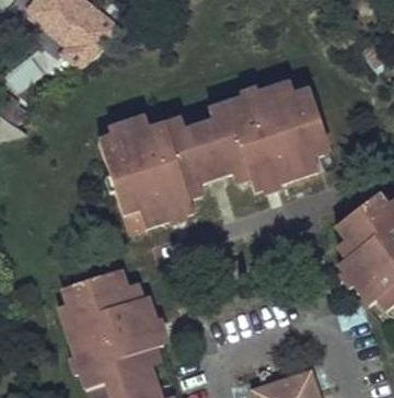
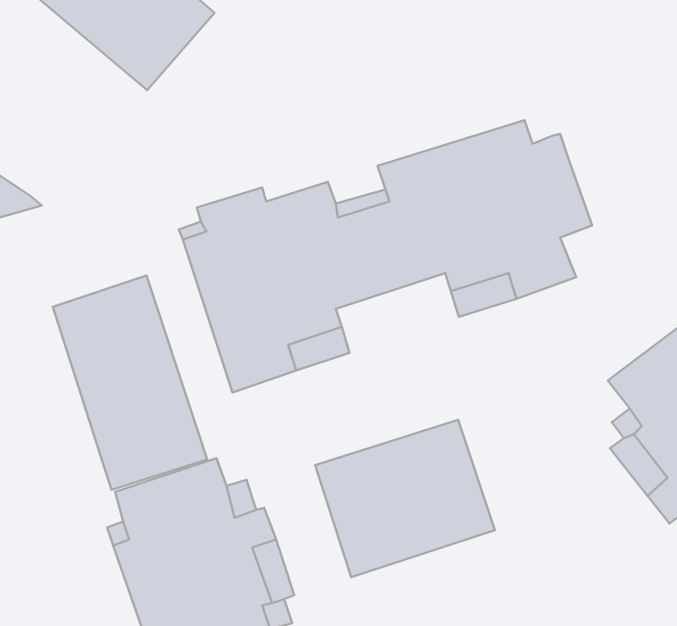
building: none -> [53,275,207,490]
building: none -> [315,420,495,577]

